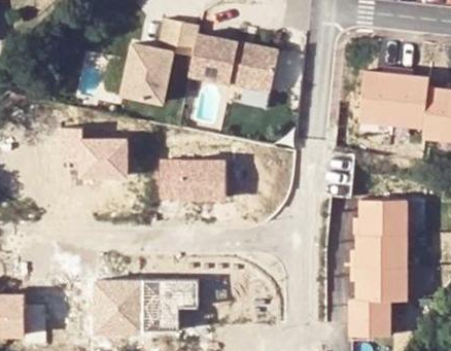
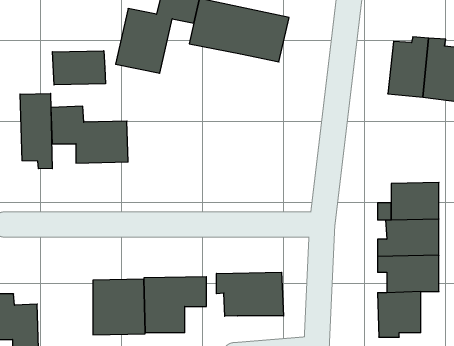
building: none -> [52,51,105,85]
building: none -> [20,93,52,169]
building: [155,163,223,201] -> none
building: none -> [216,272,284,316]

